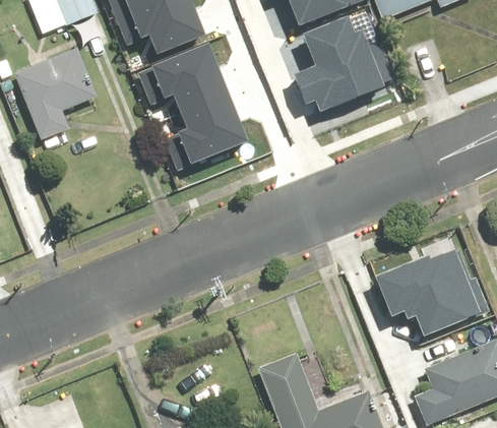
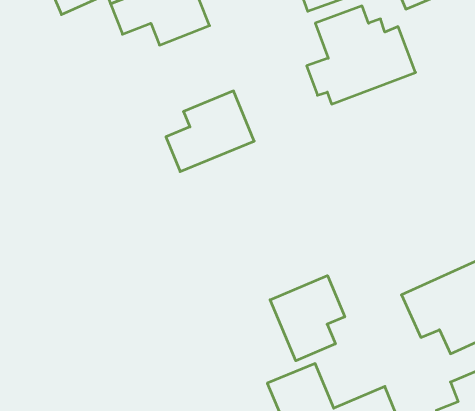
building: [133,44,225,115] -> none
building: [14,46,98,135] -> none
building: none -> [270,276,345,361]

